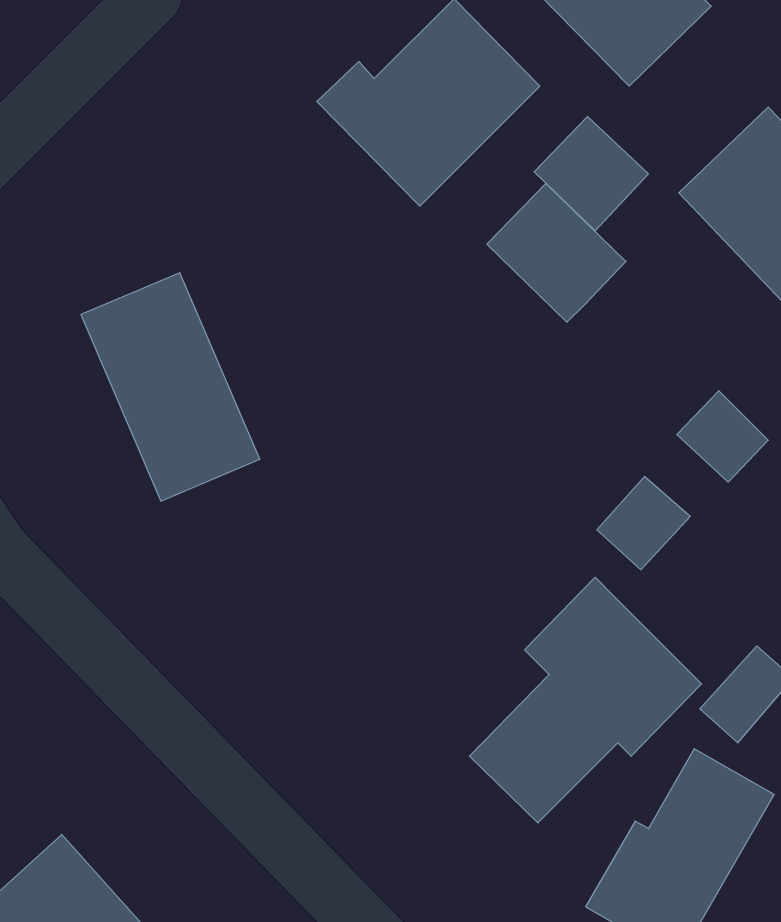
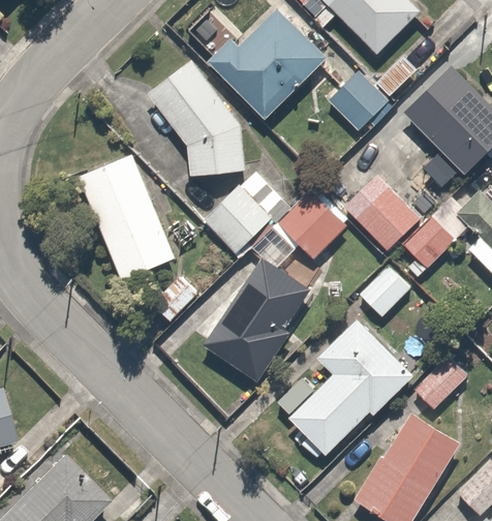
building: none -> [146,59,244,177]
building: [487,183,626,322] -> [348,176,424,251]
building: none -> [203,170,352,379]

